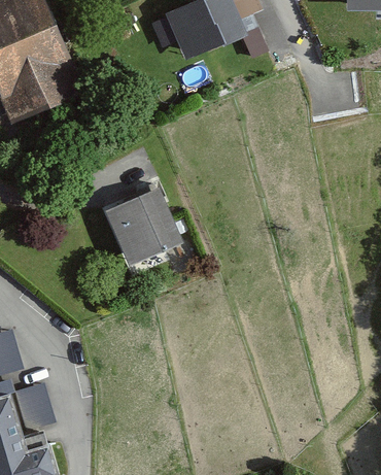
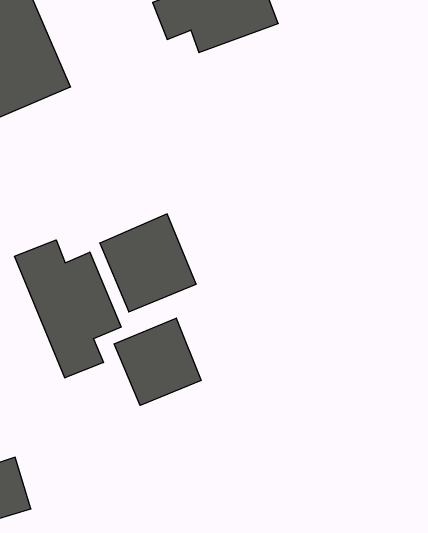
building: none -> [14,240,121,378]
building: none -> [114,318,201,405]

